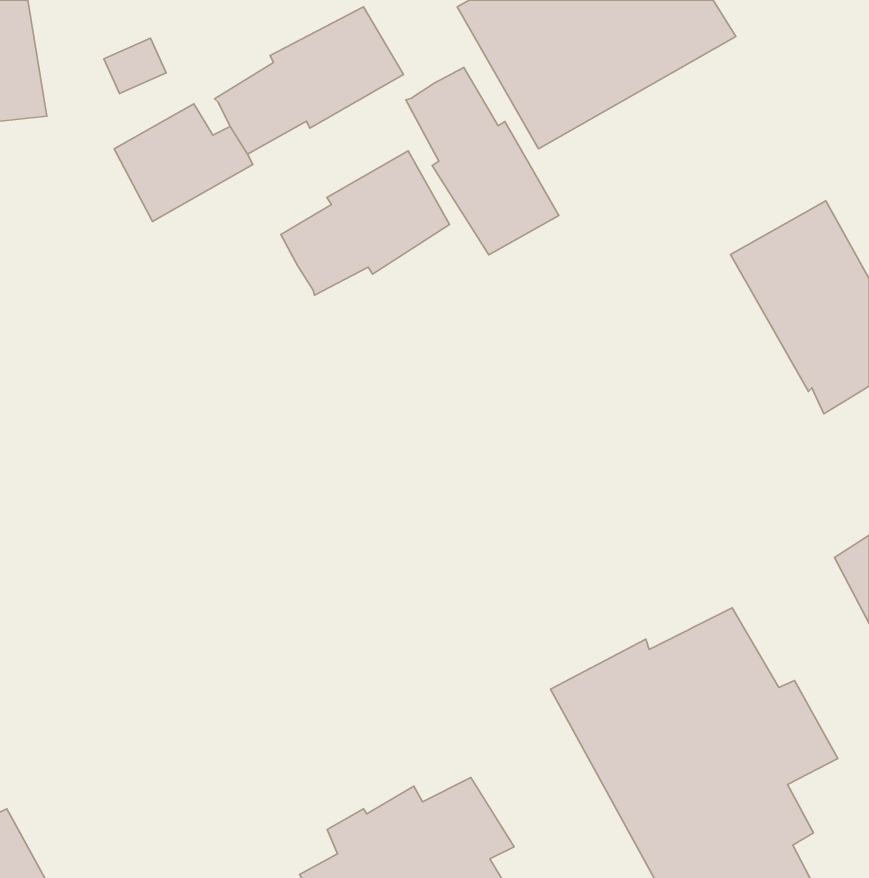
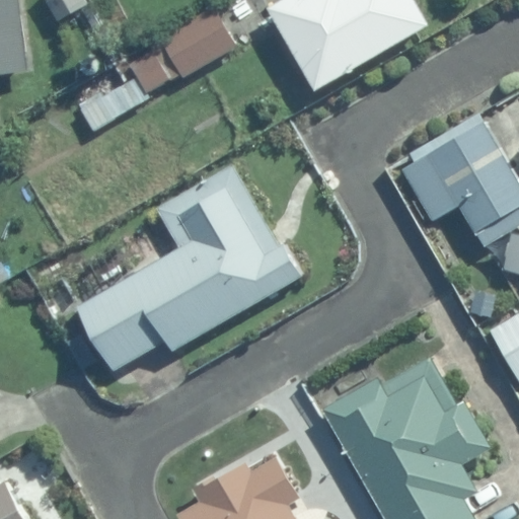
building: [406,68,559,255] -> none
building: [281,151,450,295] -> none
building: none -> [78,165,303,370]

